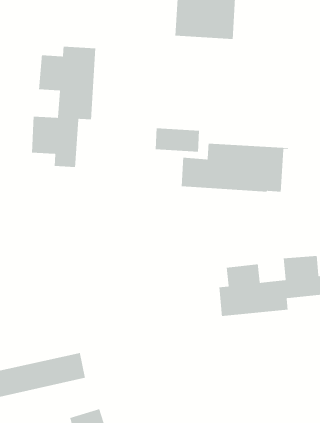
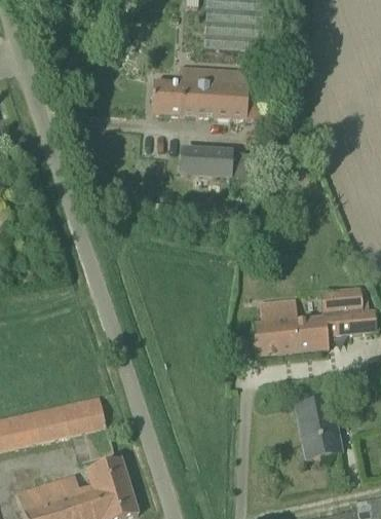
building: [31,46,96,168] -> none
building: [181,143,289,192] -> [151,65,270,119]
building: none -> [296,383,344,458]

